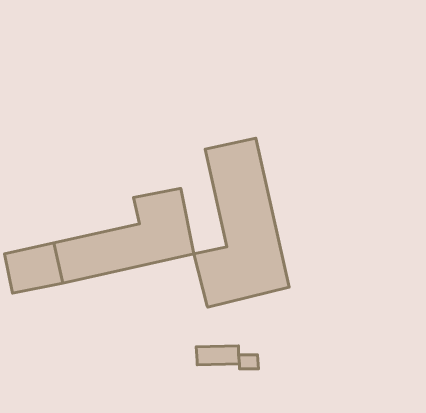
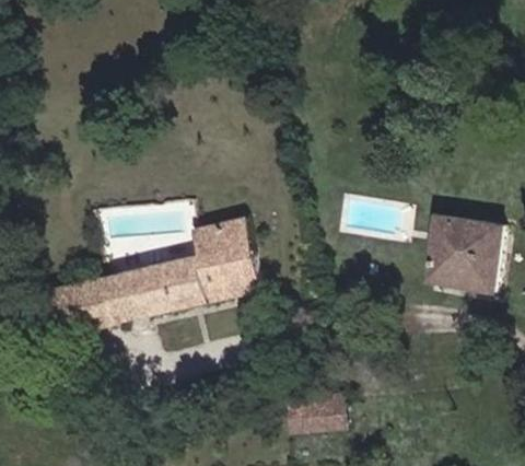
building: [194,138,289,307] -> none
building: none -> [427,215,502,291]

